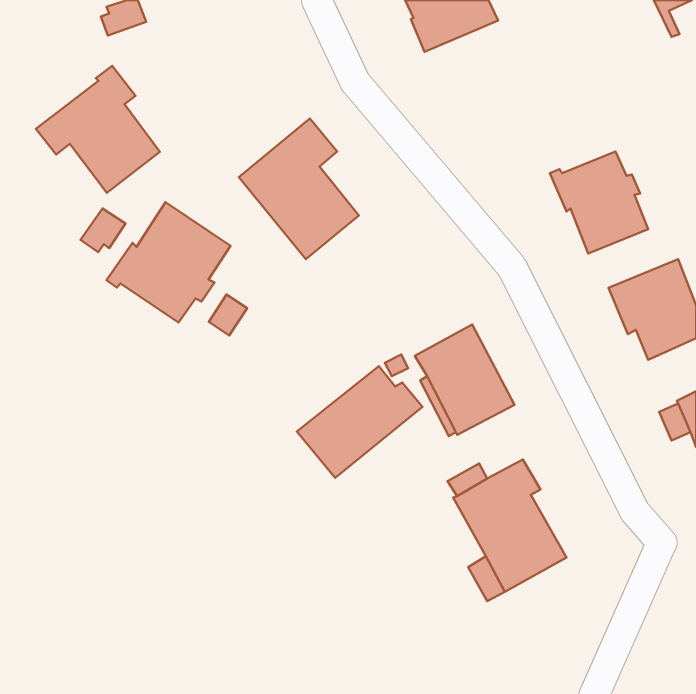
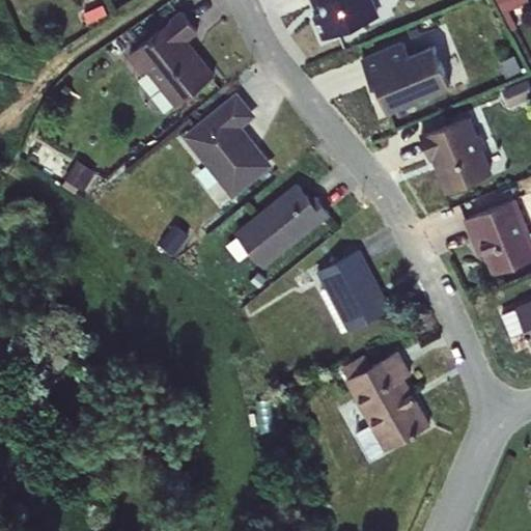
building: none -> [361,41,450,115]
building: [36,66,160,193] -> [121,11,216,108]
building: [106,202,231,322] -> none
building: [297,366,423,478] -> [234,184,330,269]

